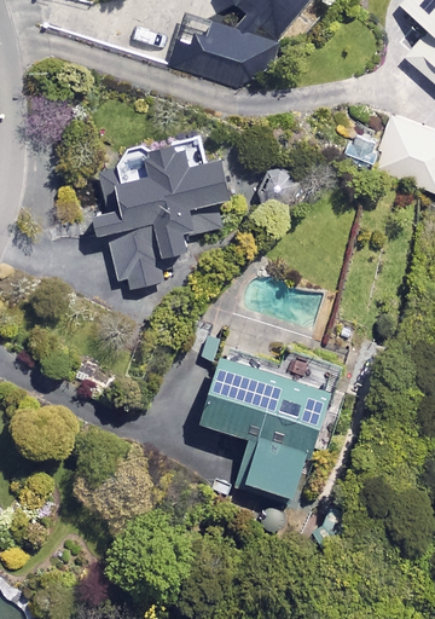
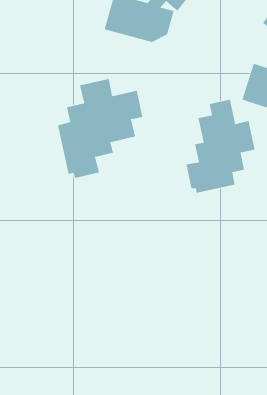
building: none -> [186,99,255,194]
building: [201,355,327,496] -> none

